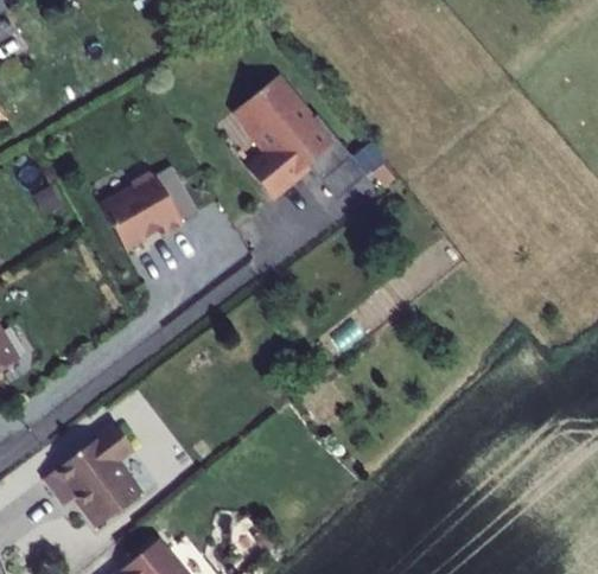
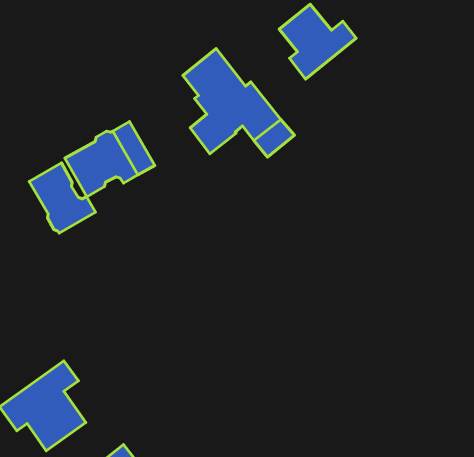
building: none -> [279,4,356,79]
building: none -> [29,163,96,233]

